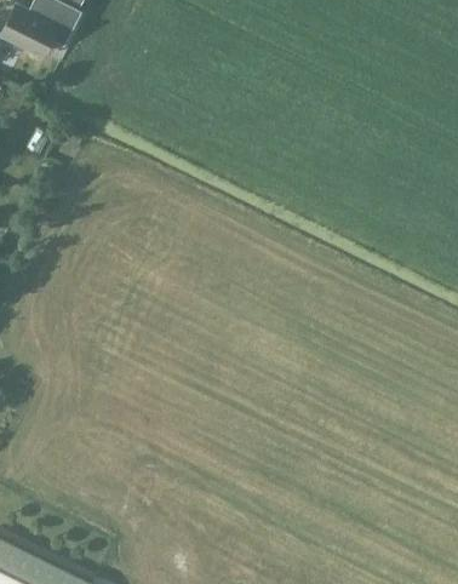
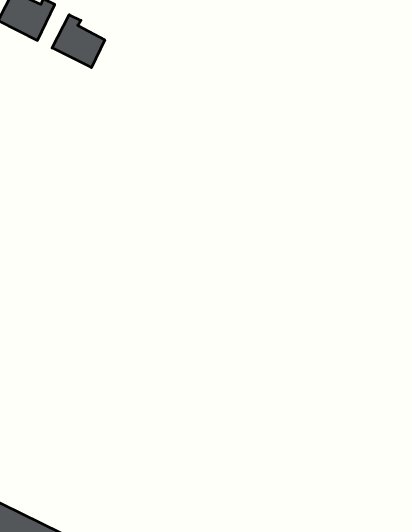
building: none -> [52,15,105,68]

